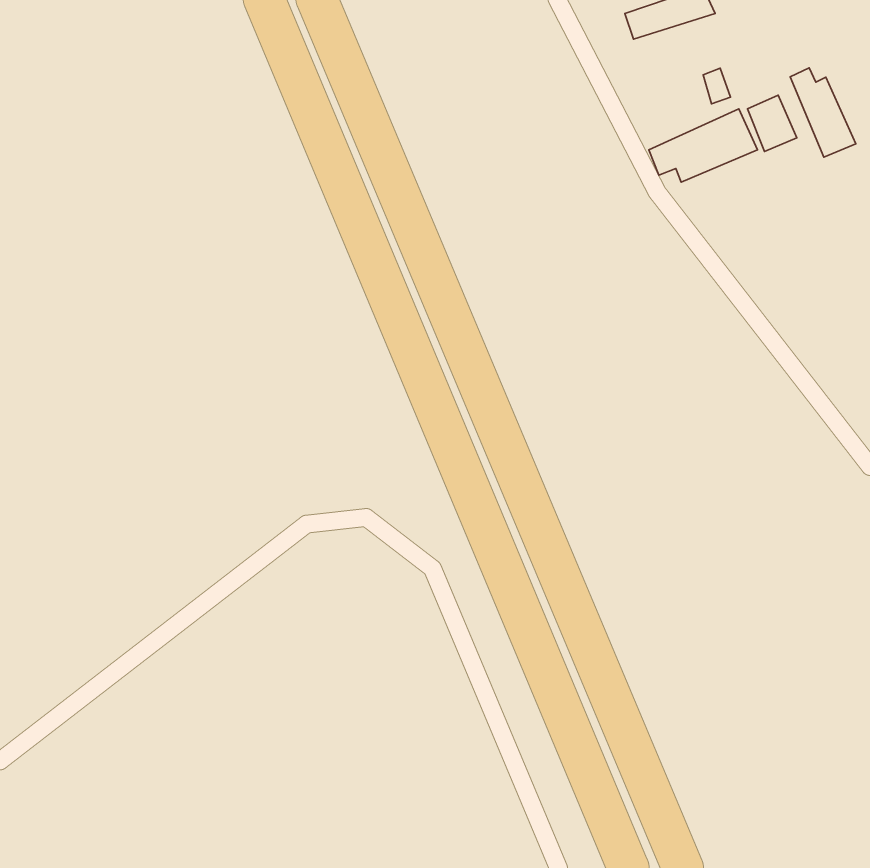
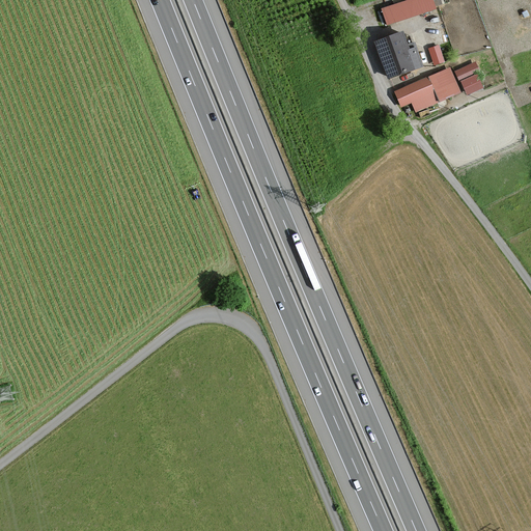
building: none -> [374,32,422,78]
building: [790,68,856,157] -> none

